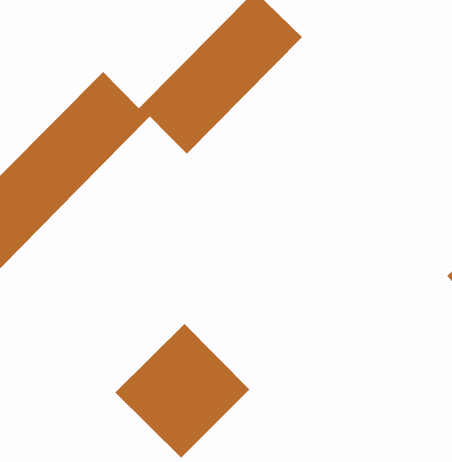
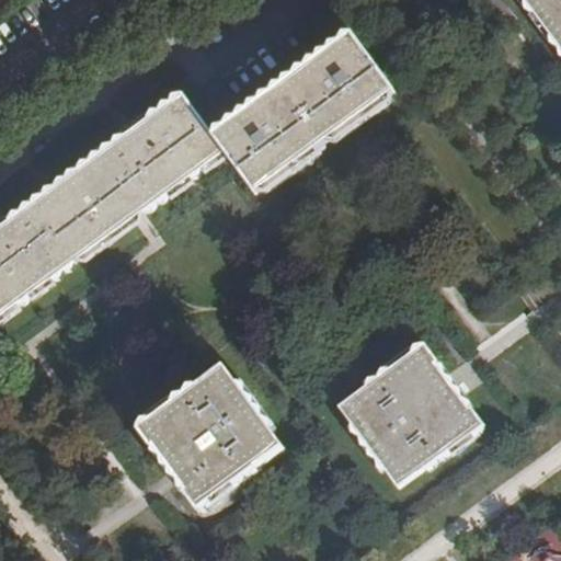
building: none -> [337,344,482,488]

